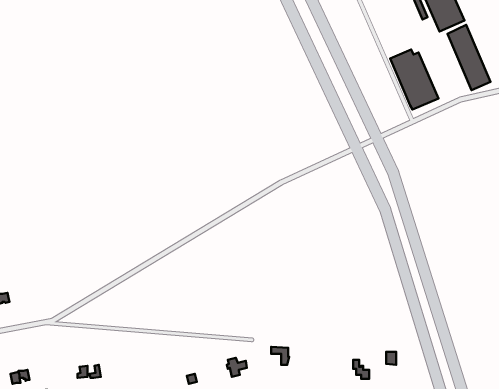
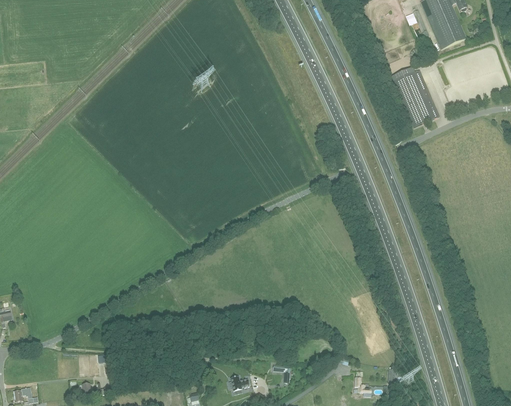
building: [448,25,491,90] -> none

